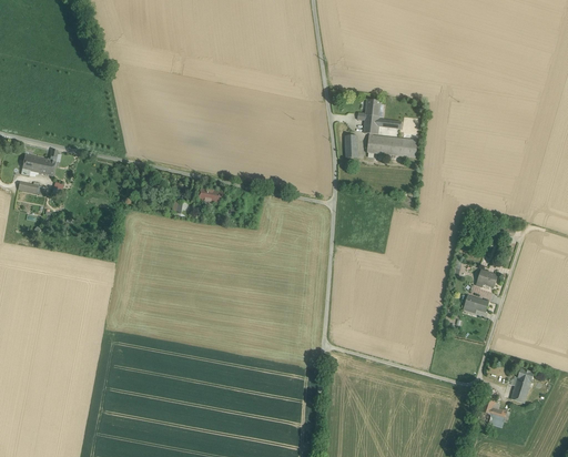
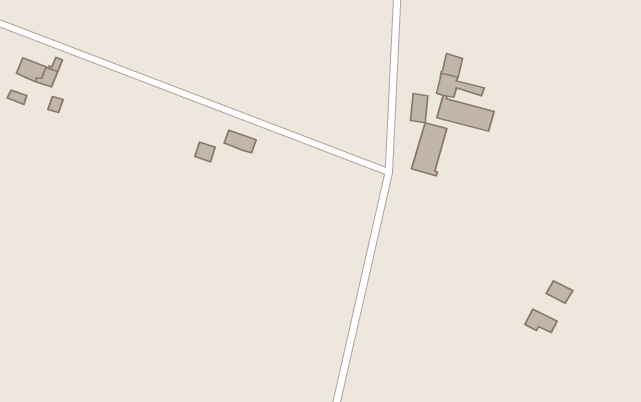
building: none -> [412,123,447,176]

